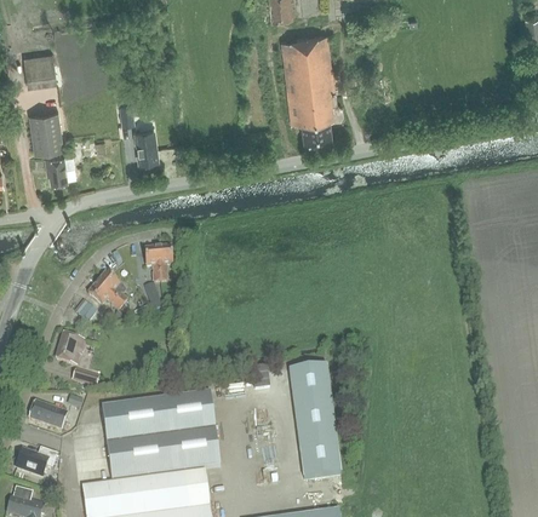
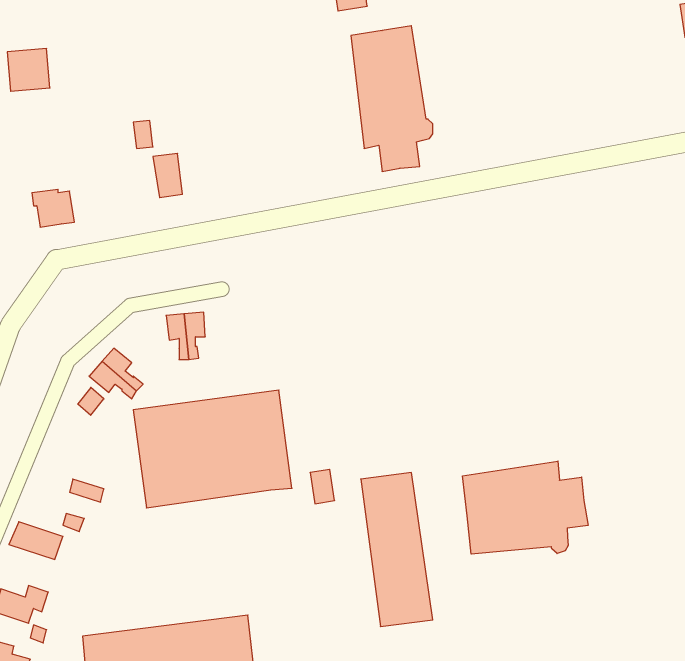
building: [29,110,63,154] -> none
building: [56,332,85,364] -> none
building: none -> [463,461,588,554]
building: [102,392,219,479] -> [133,390,292,508]

